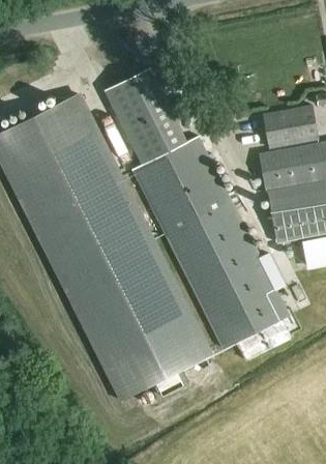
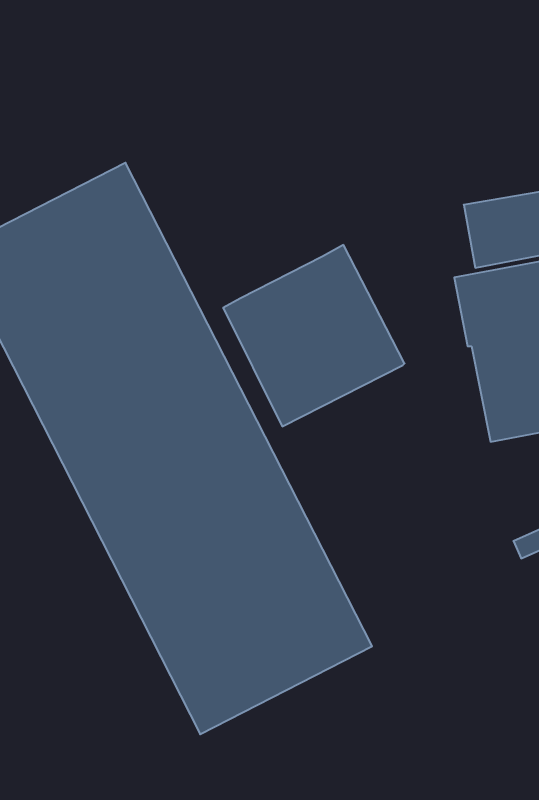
building: [105,68,187,166] -> none
building: [166,202,289,349] -> none

